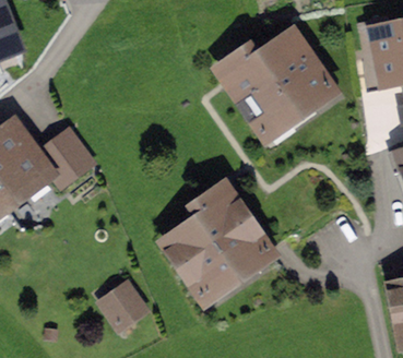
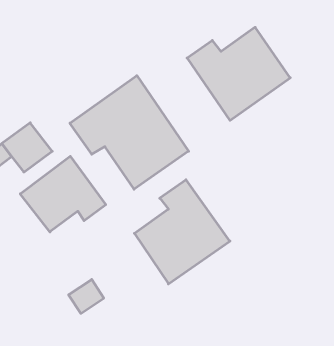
building: none -> [70,76,189,189]
building: none -> [20,156,106,232]

